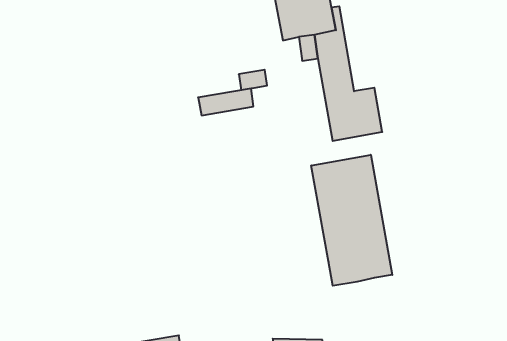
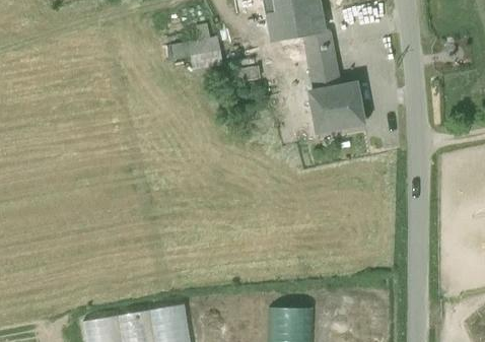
building: [198,88,253,115] -> [171,39,221,63]
building: [311,155,392,286] -> none

